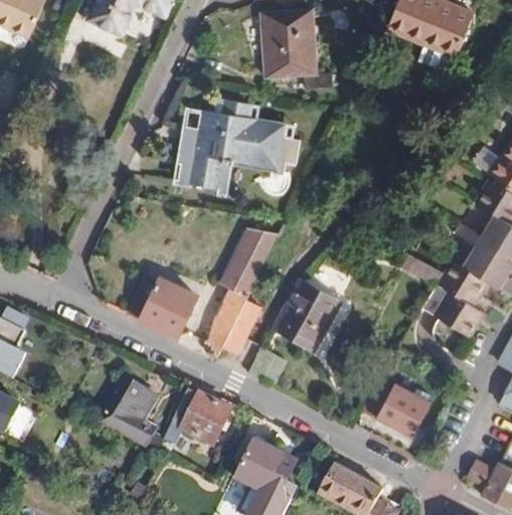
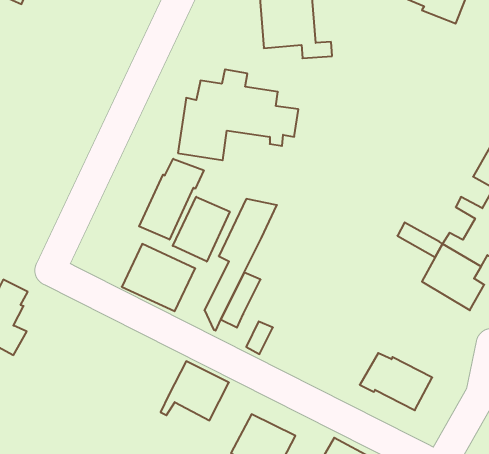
building: none -> [139,159,204,240]
building: none -> [173,197,230,262]
building: [275,280,339,347] -> none
building: [99,371,165,451] -> none

